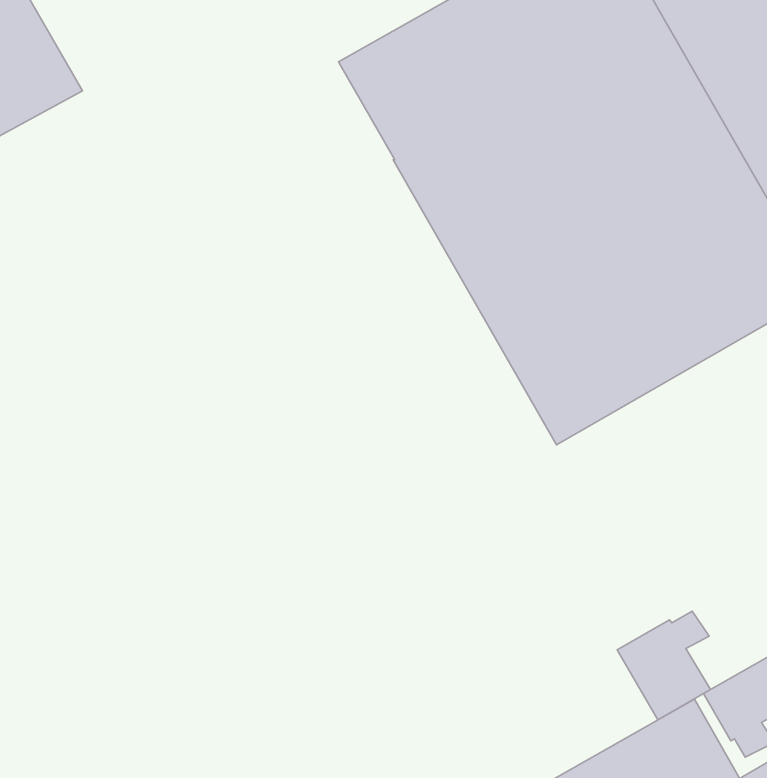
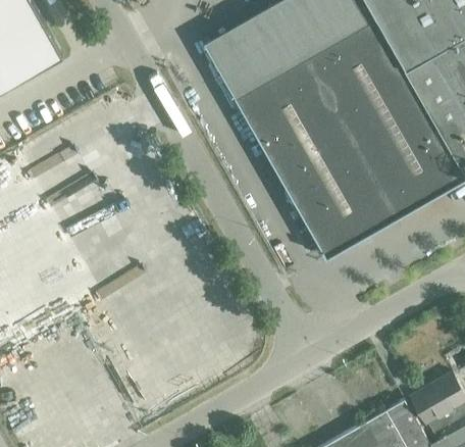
building: [617,611,710,720] -> none

